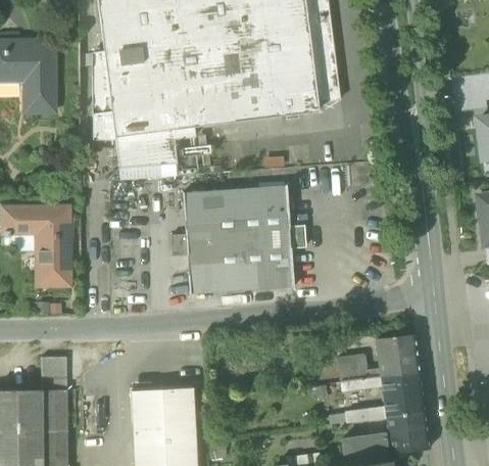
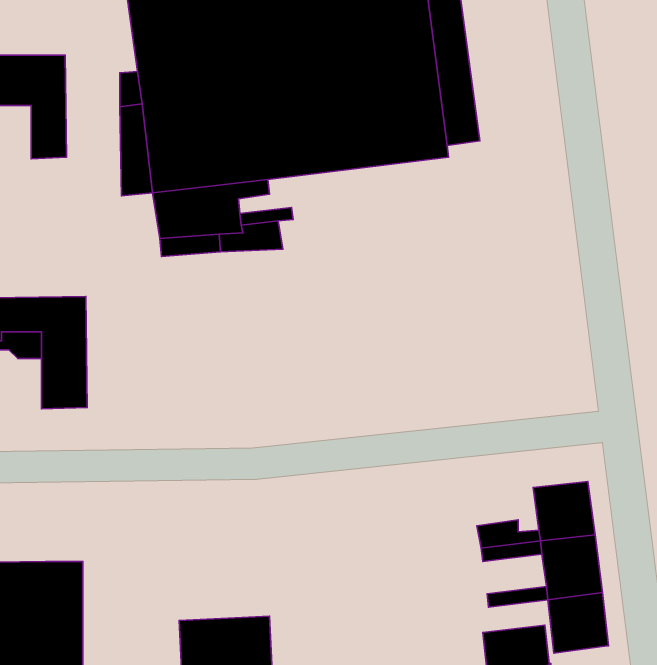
building: [170,187,305,294] -> none
building: [41,358,66,390] -> none
building: [131,387,195,431] -> none

